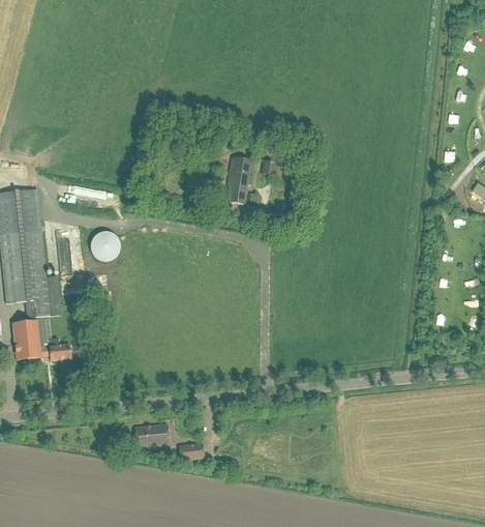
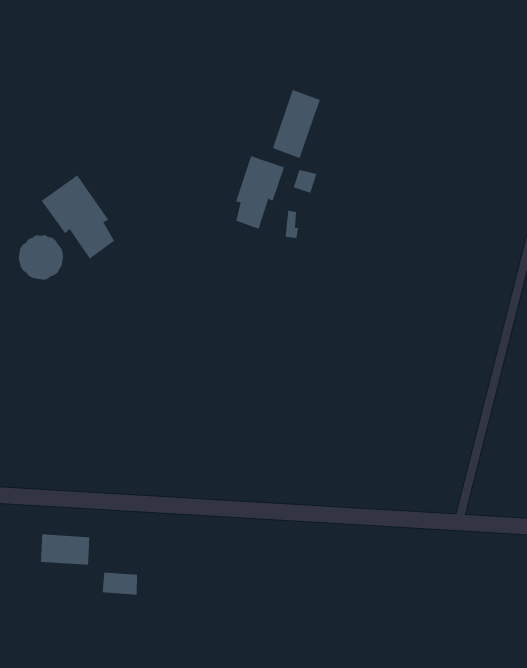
building: none -> [272,89,320,159]
building: none -> [41,174,115,260]

